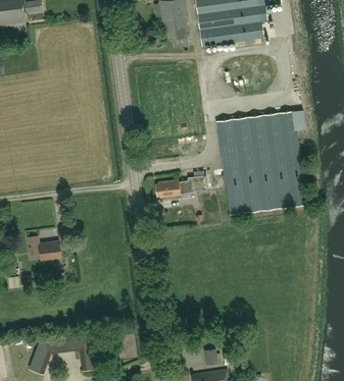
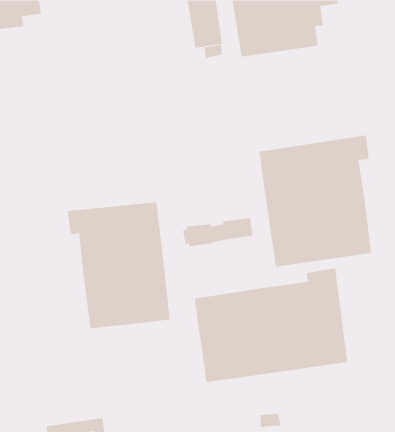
building: none -> [67,201,170,329]
building: none -> [194,267,348,383]
building: [27,235,60,260] -> none

